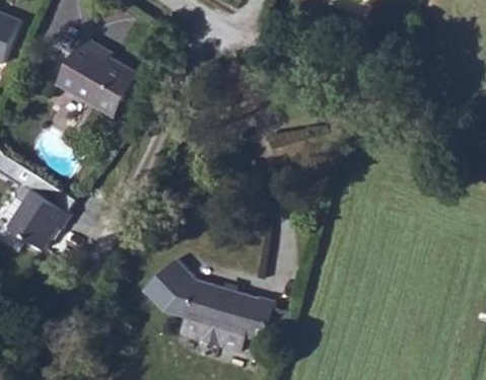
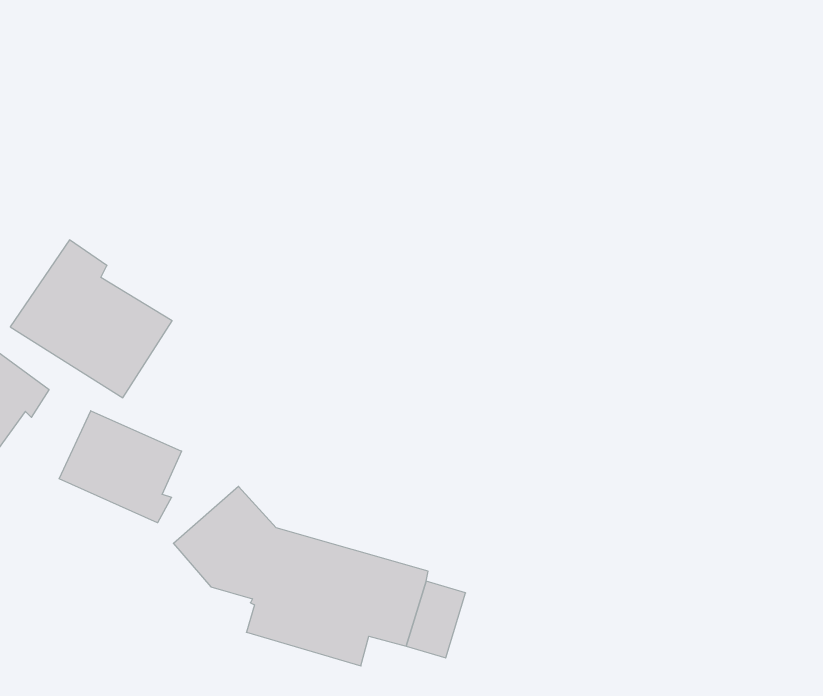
building: [53,32,136,113] -> [10,240,172,398]
building: none -> [59,411,182,523]

